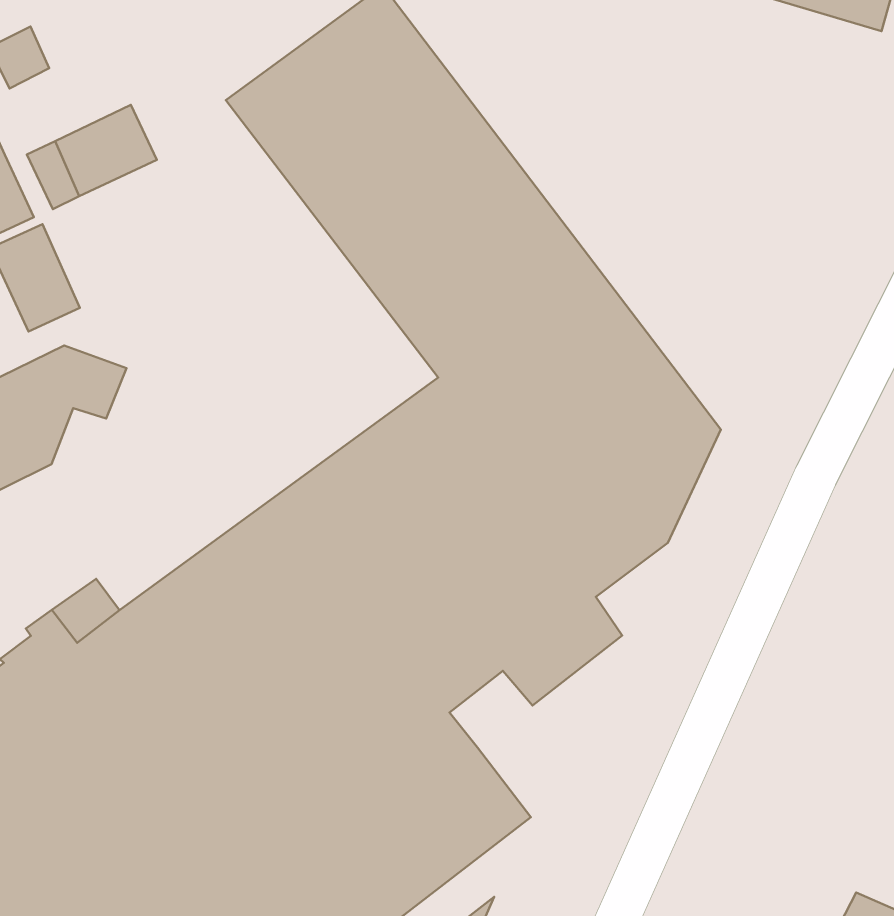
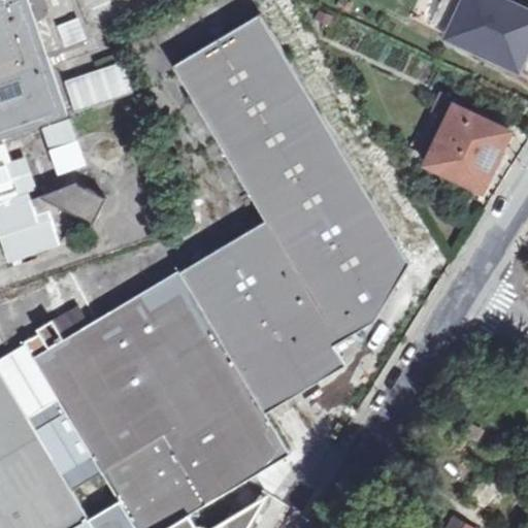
building: none -> [425,106,507,192]
building: none -> [252,377,295,416]

